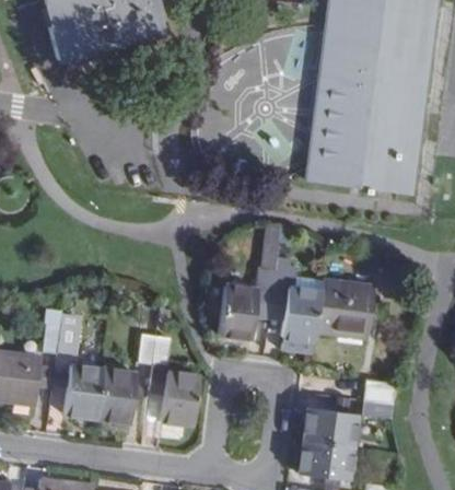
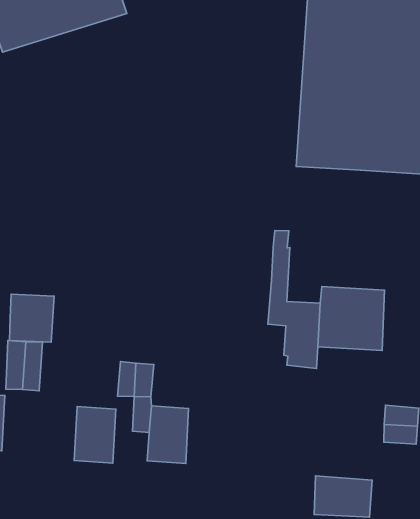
building: [220,224,282,339] -> none
building: none -> [10,294,54,342]
building: [66,366,104,416] -> none
building: [304,410,357,448] -> none

